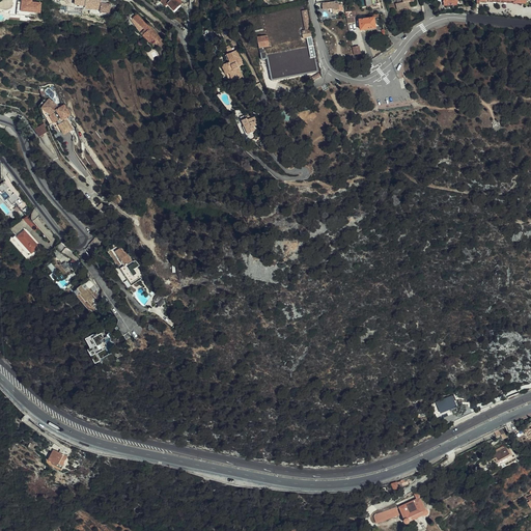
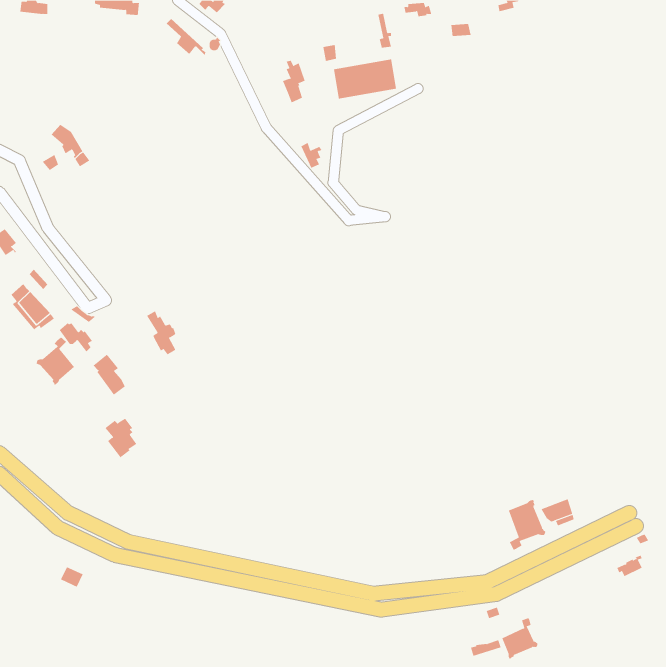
building: none -> [36,337,75,385]
building: none -> [508,499,546,550]

